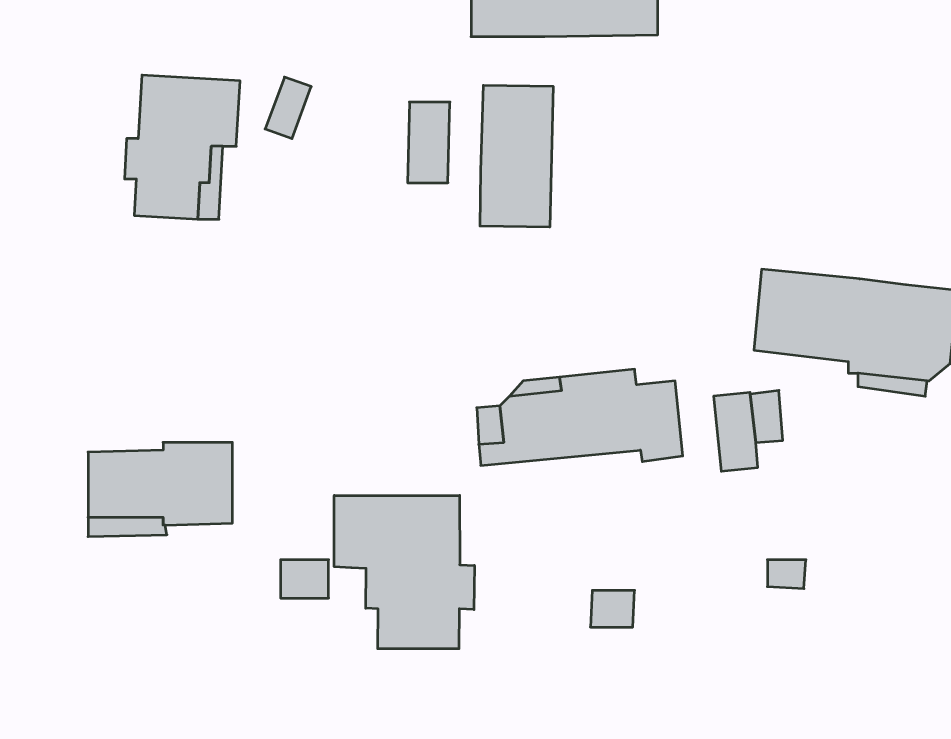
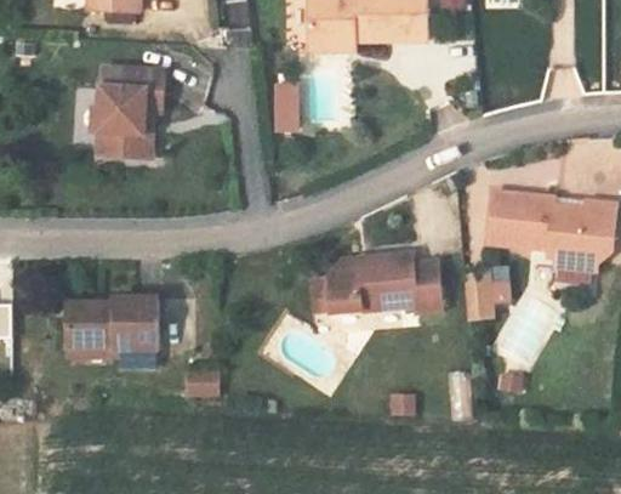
building: [480,85,553,227] -> none
building: [334,495,474,649] -> none

